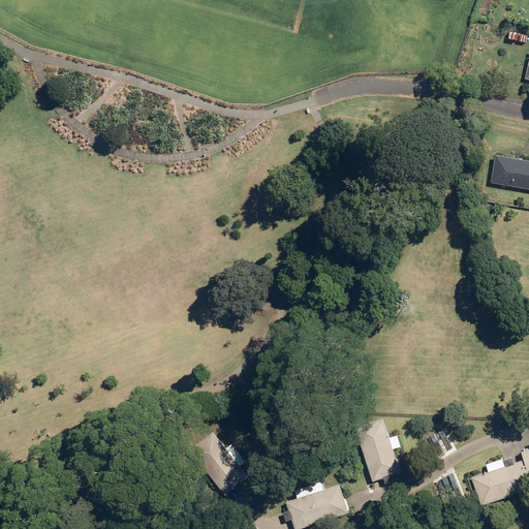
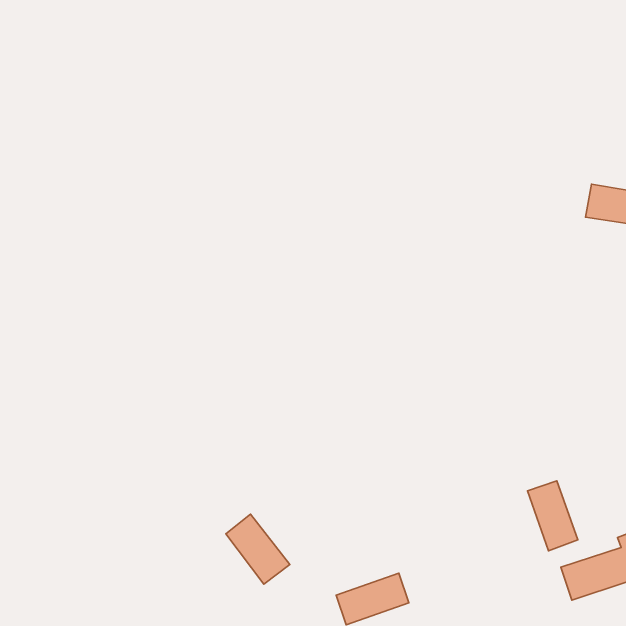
building: [355,419,398,478] -> [528,481,578,551]

